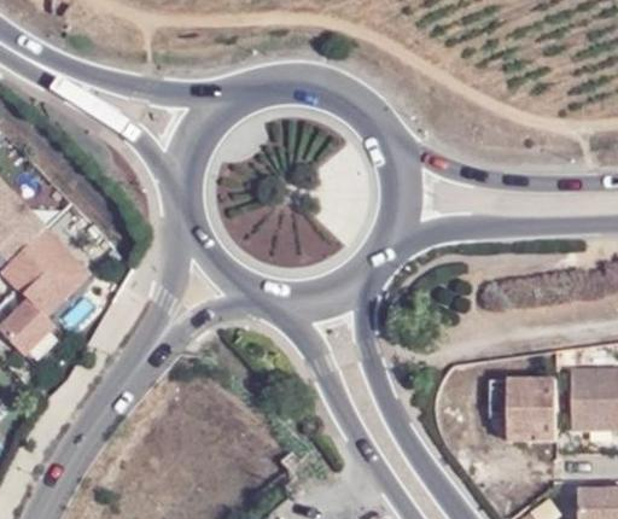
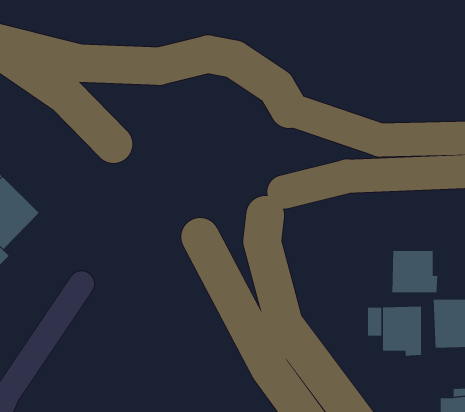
building: none -> [392,250,438,293]

